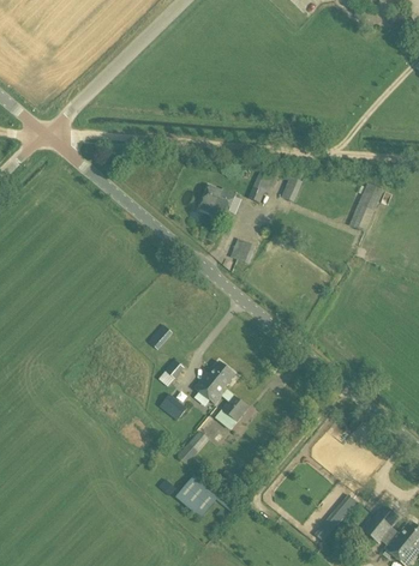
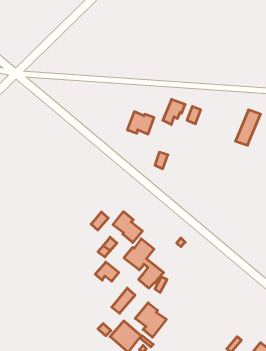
building: none -> [113,212,142,243]
building: none -> [135,303,166,337]

